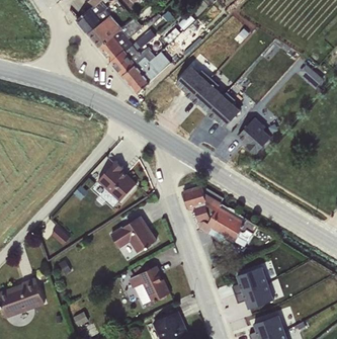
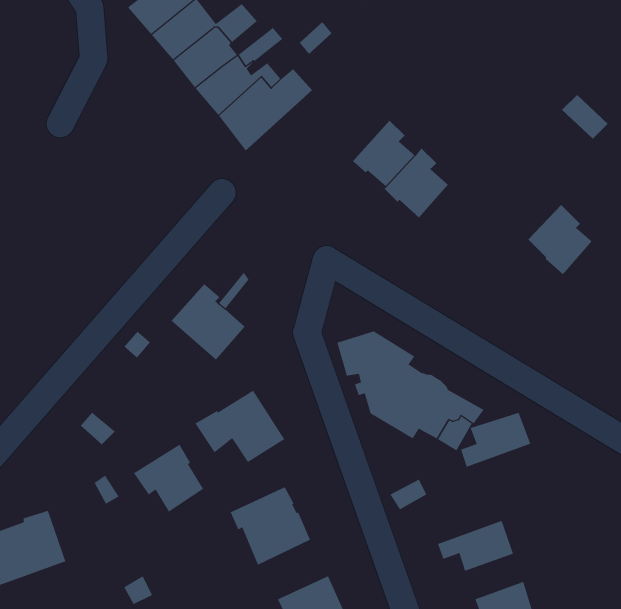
building: [175,66,209,98] -> none
building: [237,117,270,154] -> [528,204,593,275]
building: none -> [133,444,204,512]
building: [231,266,267,294] -> [460,412,531,467]

